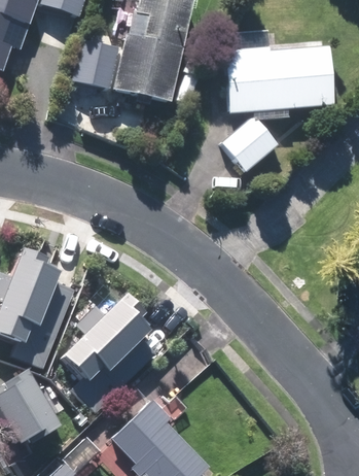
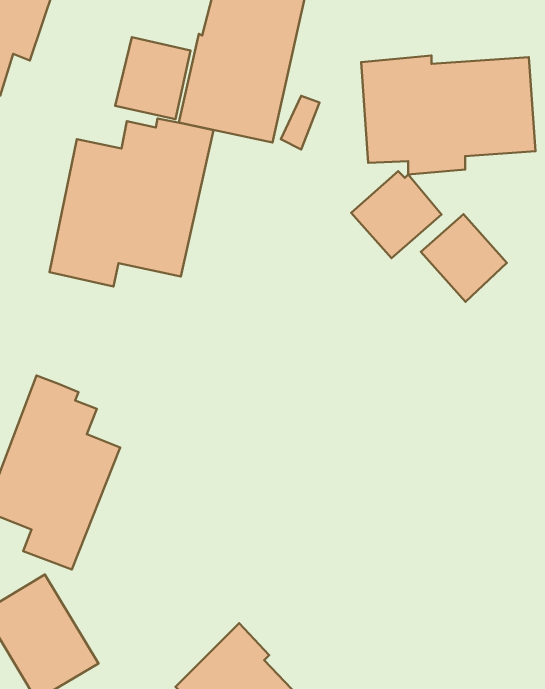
building: none -> [49,118,213,287]
building: none -> [421,214,507,302]
building: [65,291,156,409] -> none

